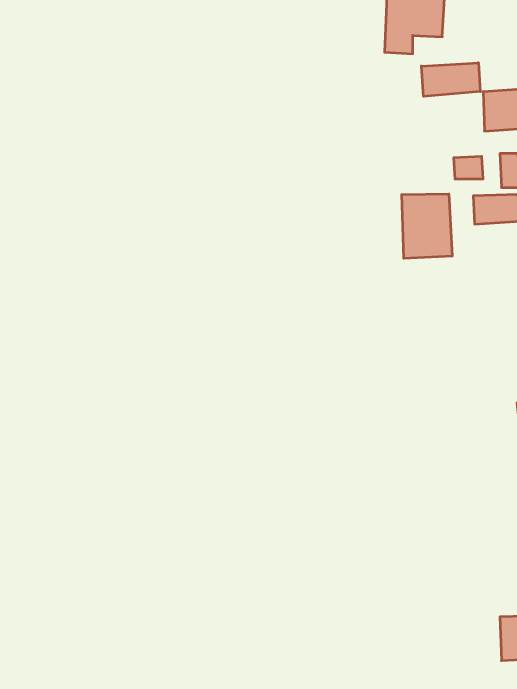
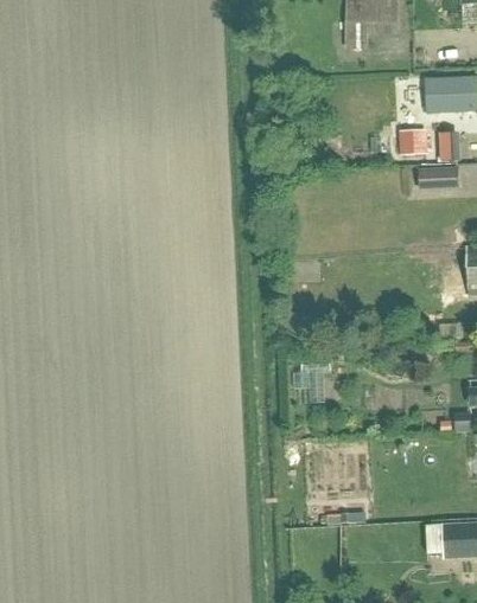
building: [421,63,480,96] -> none
building: [402,194,452,258] -> none

